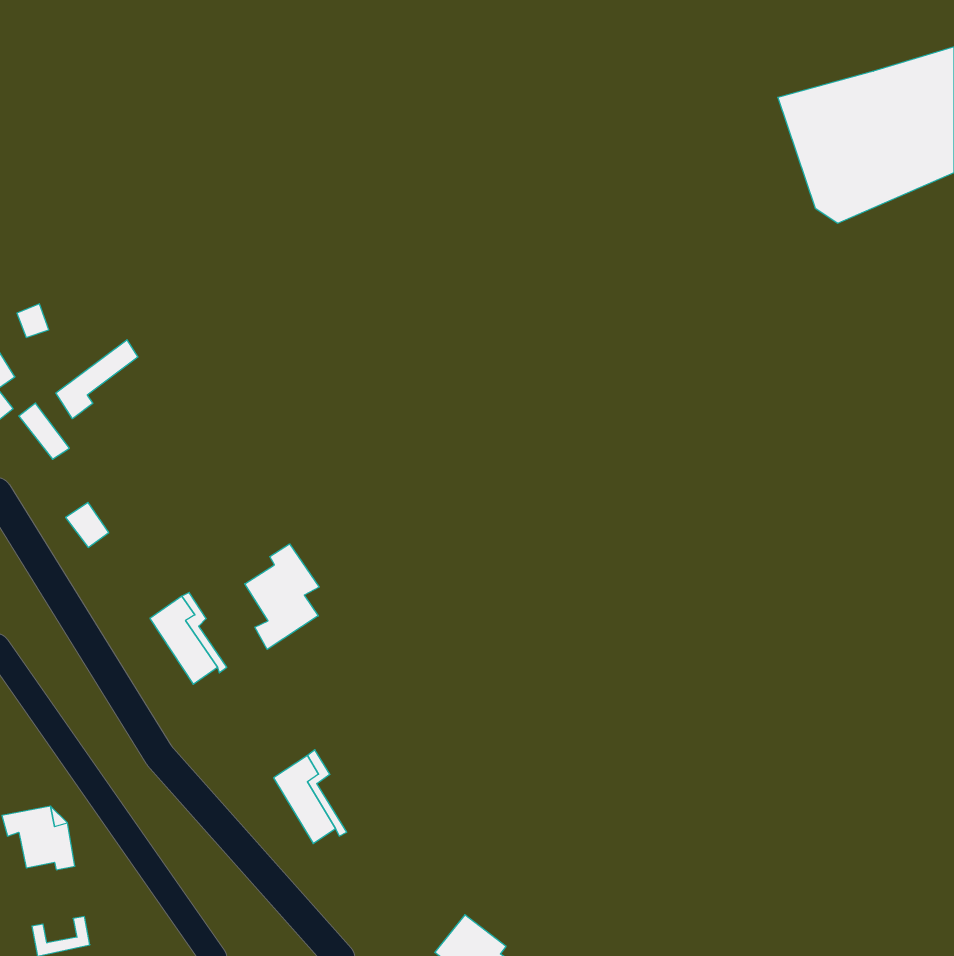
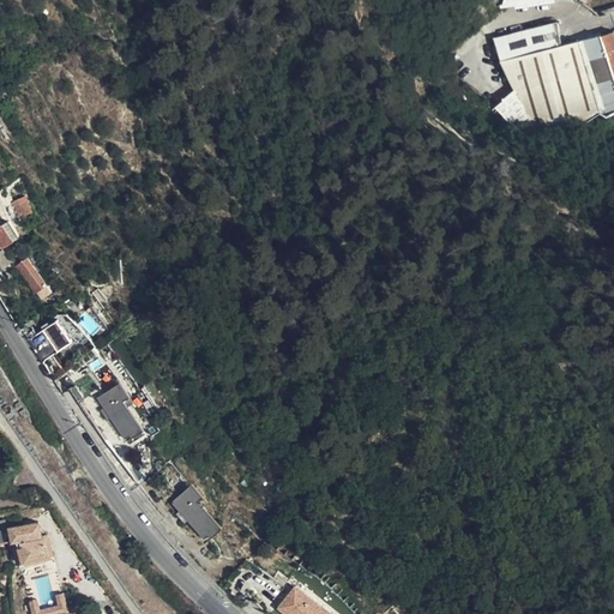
building: none -> [486,24,559,134]
building: [56,340,138,419] -> none
building: [245,544,319,649] -> none

